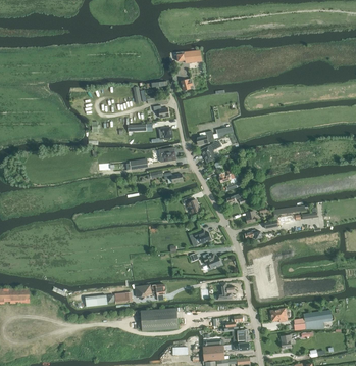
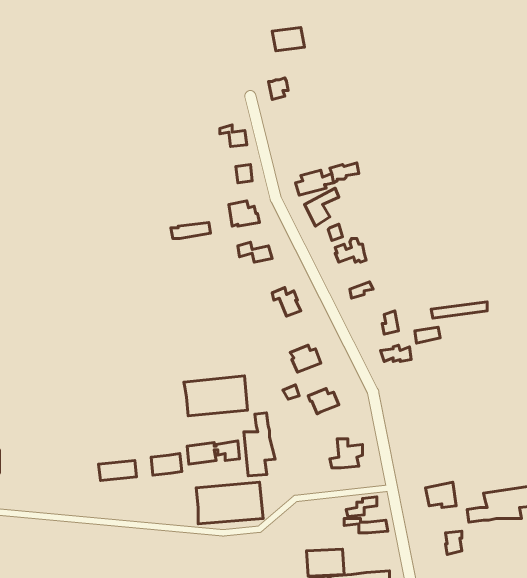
building: none -> [184,376,247,416]
building: none -> [244,413,275,476]

